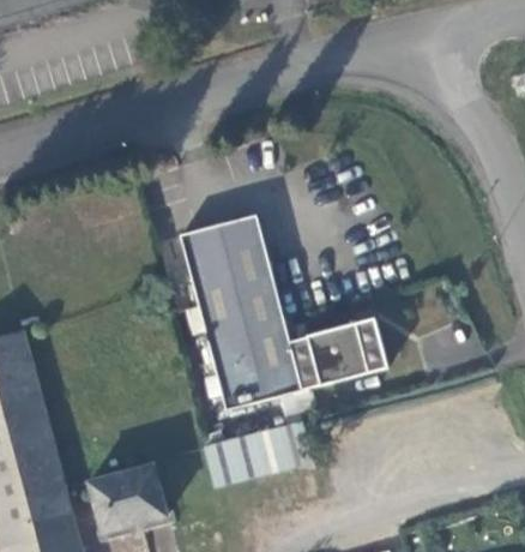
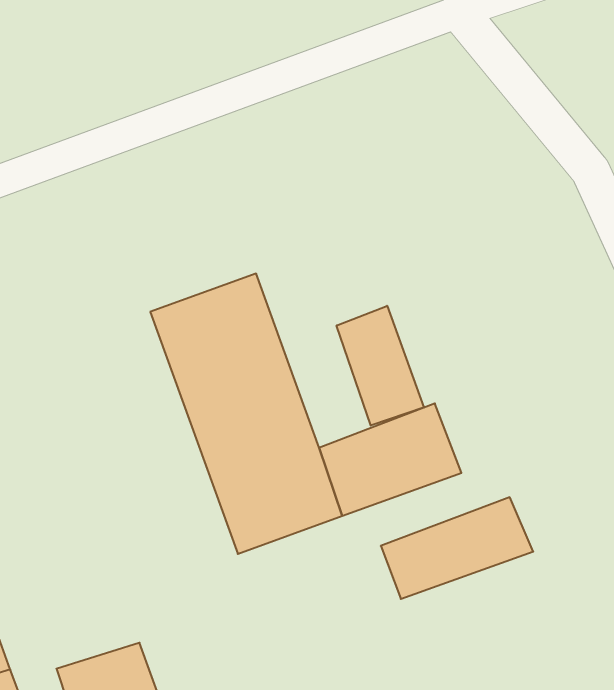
building: none -> [337,306,424,426]
building: [205,419,312,484] -> [381,497,533,599]

